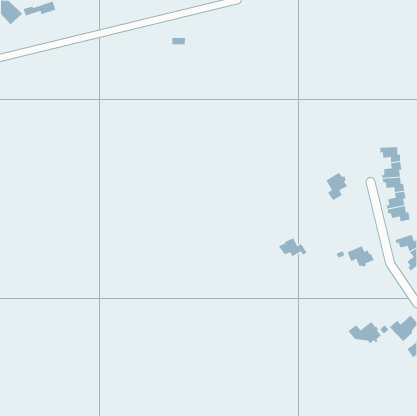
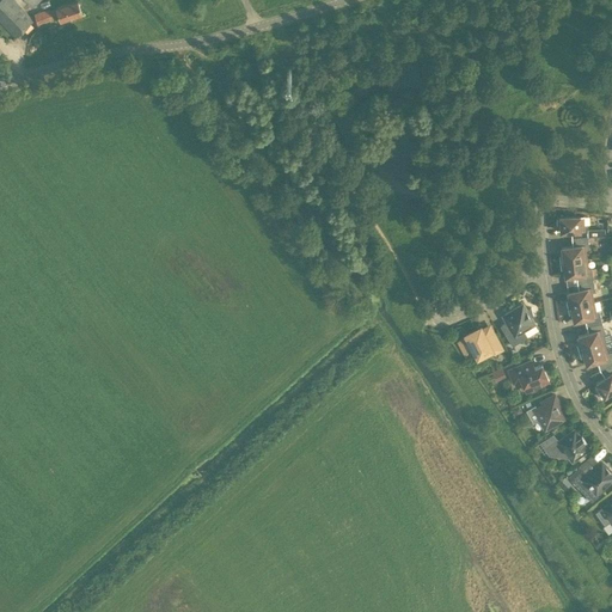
building: [325,172,348,201] -> [502,305,536,347]
building: none -> [576,323,605,353]
building: [278,237,307,257] -> [458,329,501,357]
building: none -> [525,396,563,429]
building: [348,321,382,344] -> [539,429,589,463]

